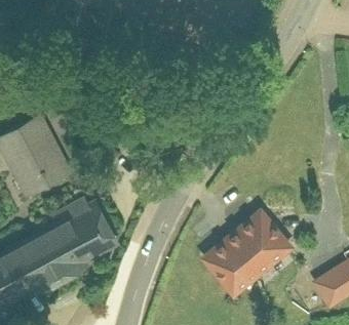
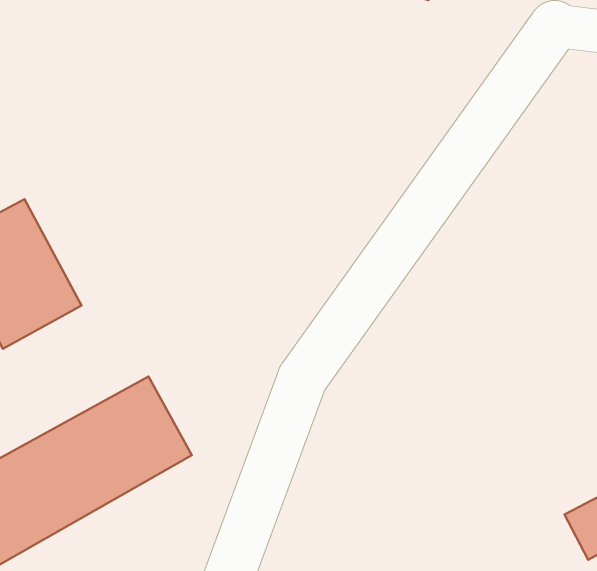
building: [204,211,294,299] -> none

